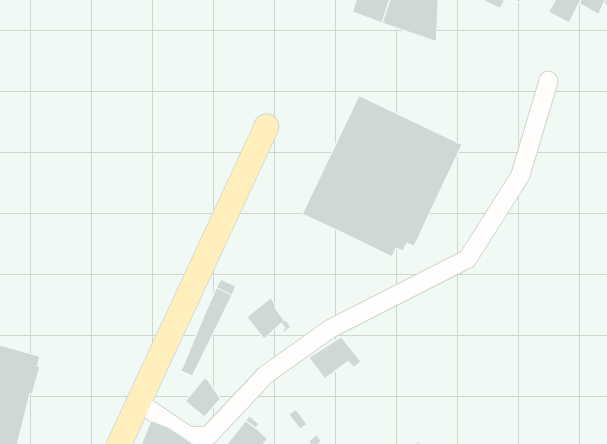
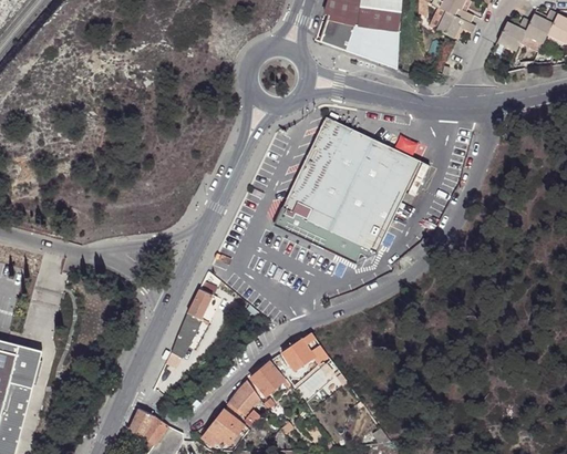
building: [247,297,291,339] -> [250,359,290,396]
building: [185,378,221,417] -> [228,381,260,416]

